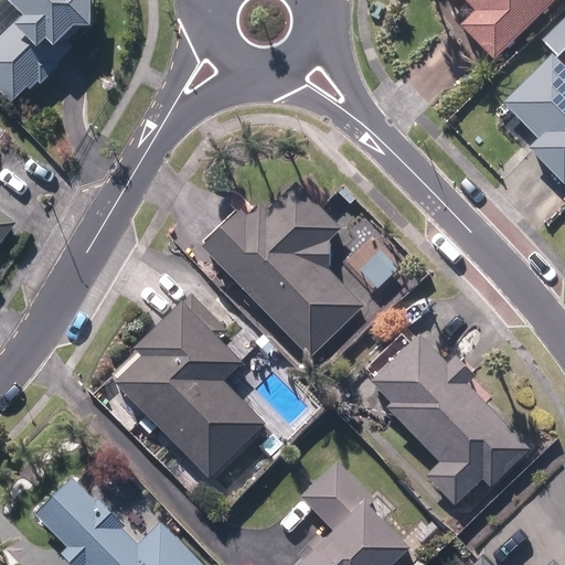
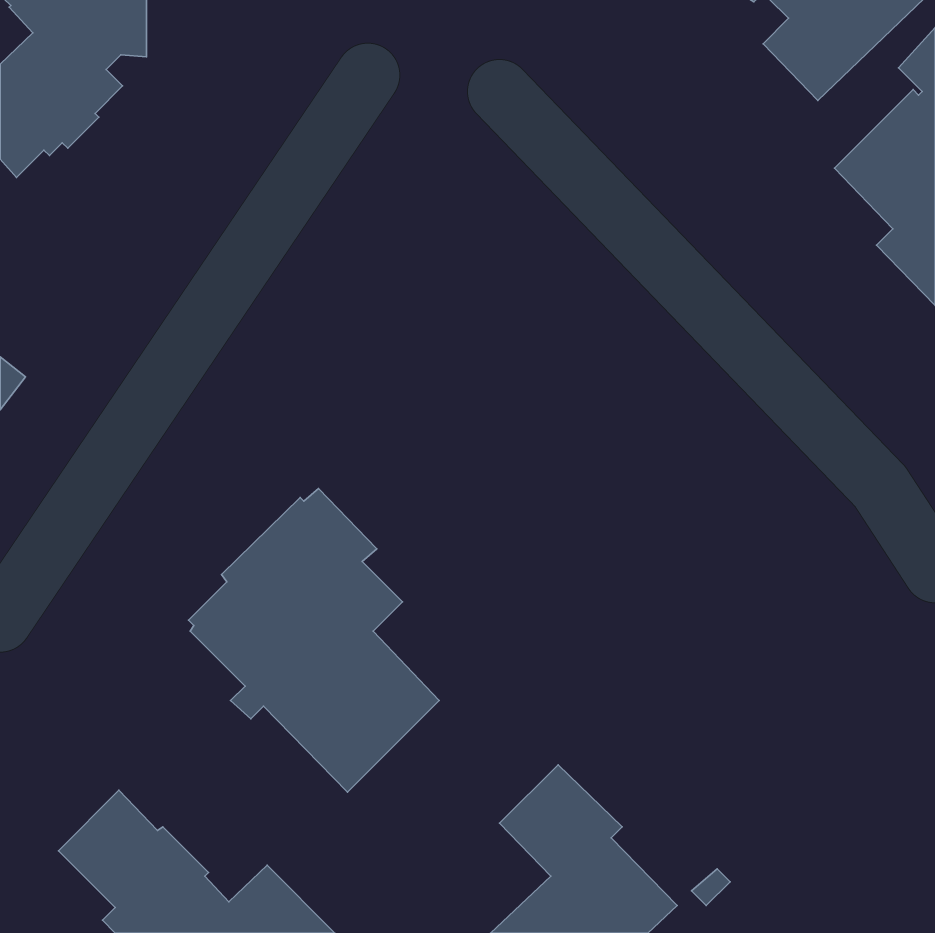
building: [200,182,364,359] -> none
building: [370,334,530,505] -> none

